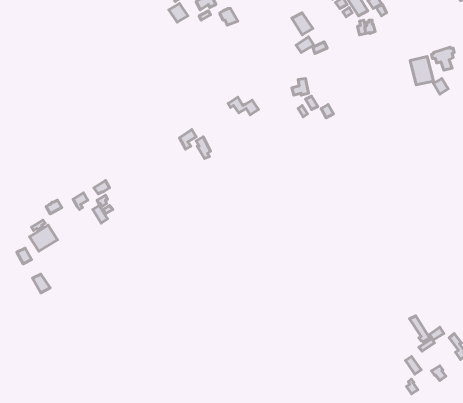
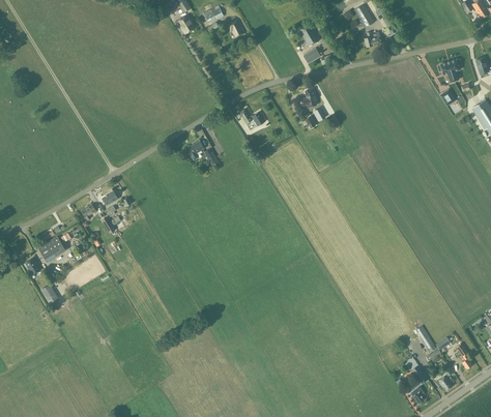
building: [410,57,433,85] -> none

